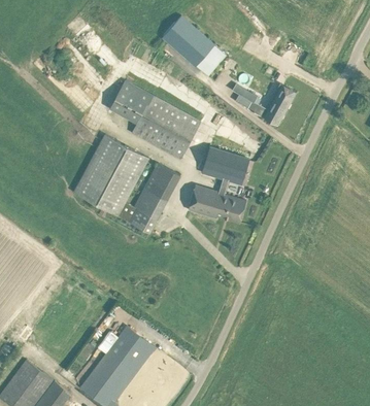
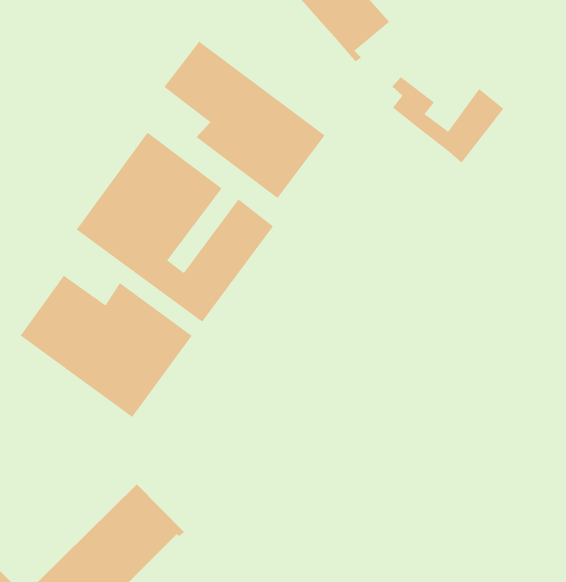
building: [203,148,250,184] -> none
building: [189,185,246,223] -> none
building: none -> [20,275,193,418]

